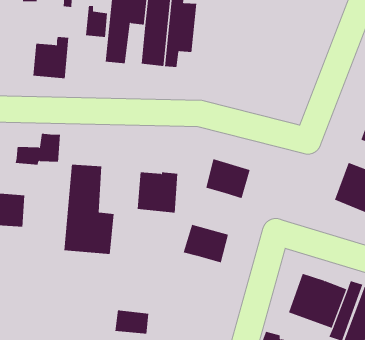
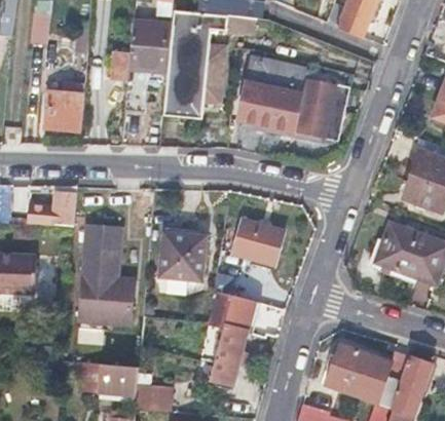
building: none -> [238,66,351,140]
building: none -> [211,324,247,384]
building: none -> [100,362,139,392]

